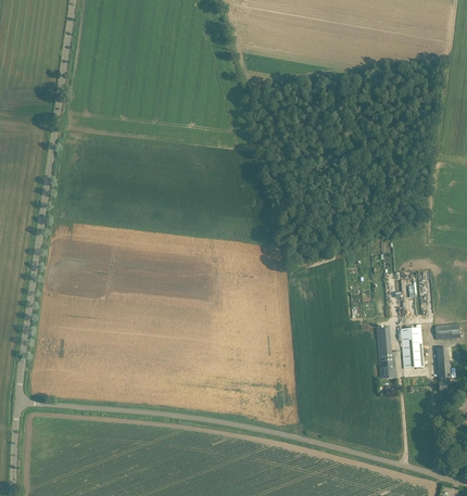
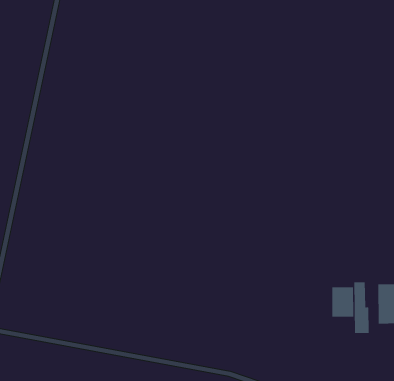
building: none -> [332,286,354,318]

